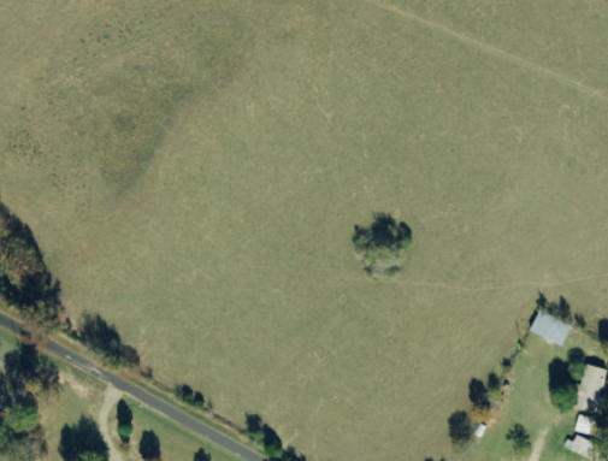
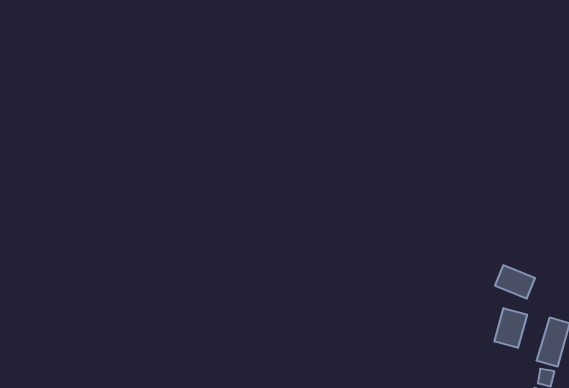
building: none -> [494,308,527,348]

